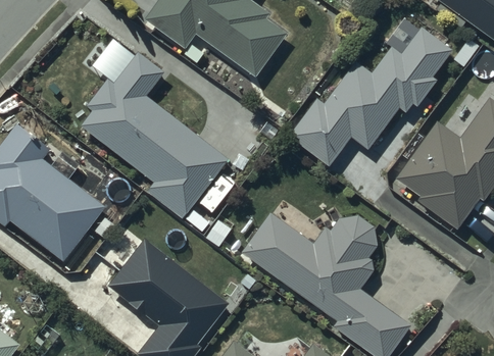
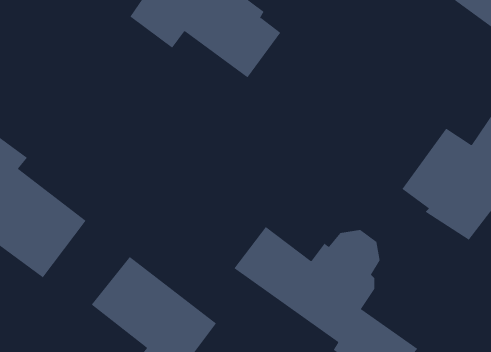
building: [287,28,452,165] -> none
building: [80,52,227,217] -> none

